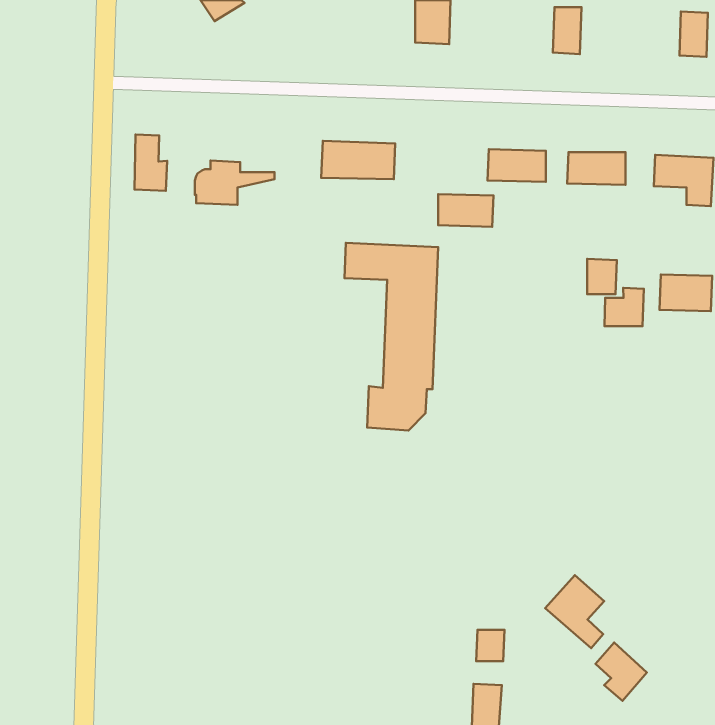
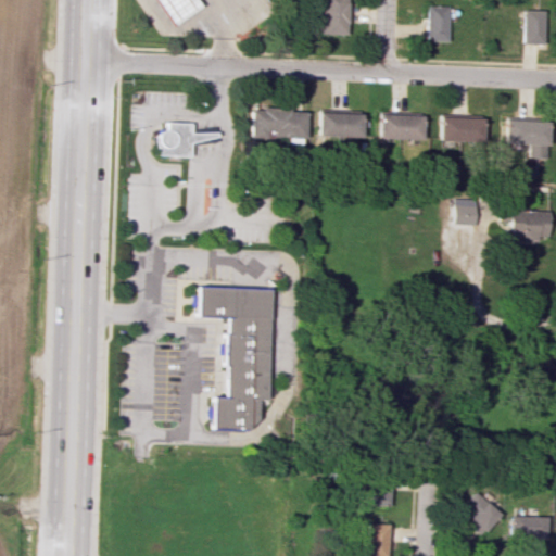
building: [134,135,167,191] -> none
building: [438,194,493,227] -> [323,113,365,138]
building: [345,243,438,430] -> [199,289,270,432]
building: [604,288,644,326] -> none
building: [545,575,604,648] -> none
building: none -> [513,516,549,539]

